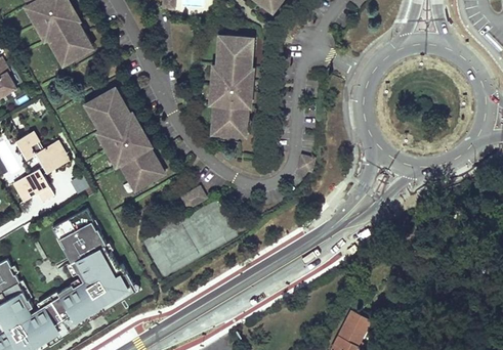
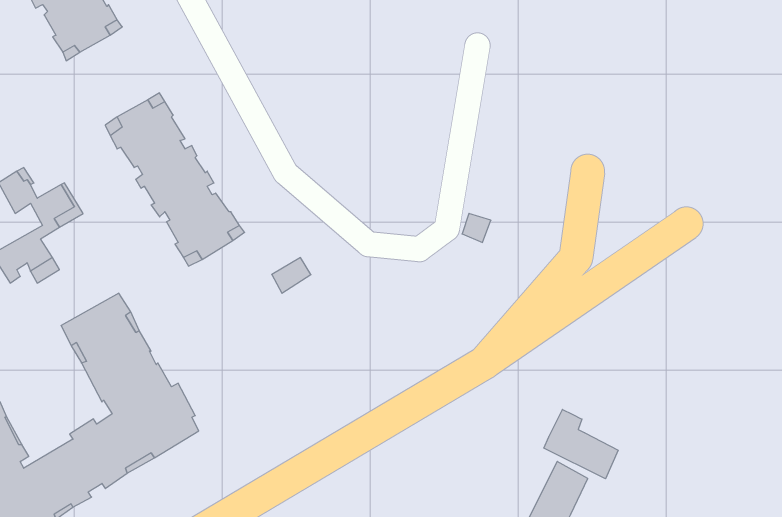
building: [206,39,253,139] -> none
building: none -> [544,409,618,479]

